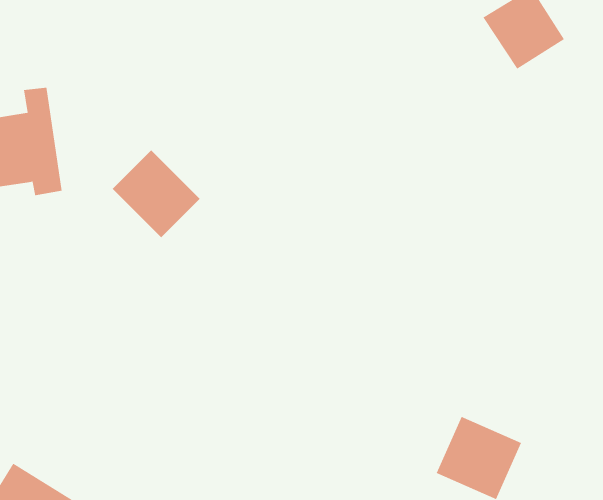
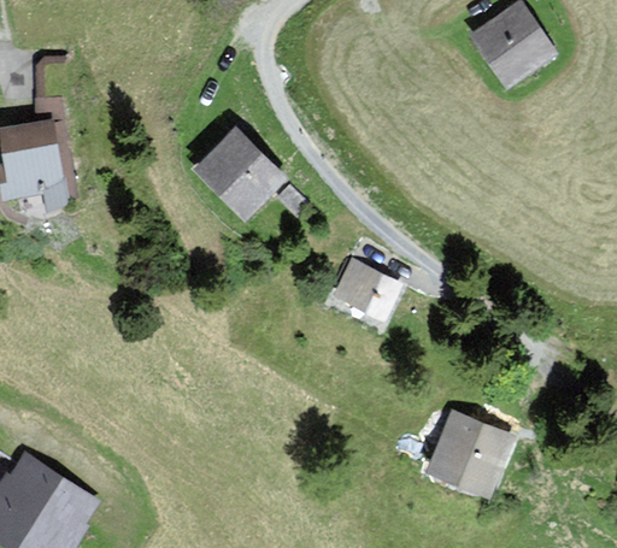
building: [112,150,200,238] -> [196,131,281,216]
building: none -> [336,263,396,316]

